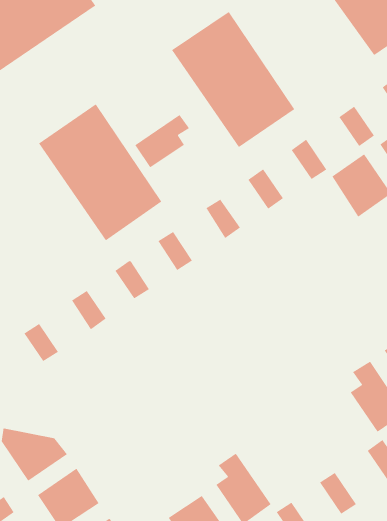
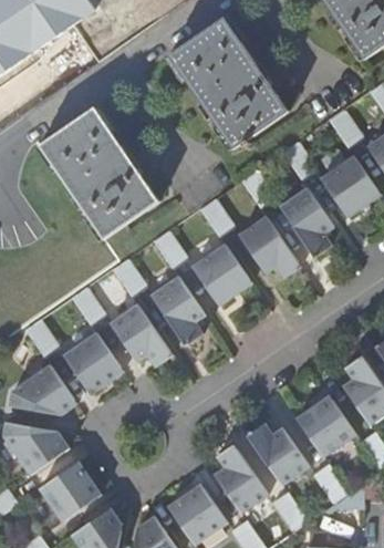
building: [134,114,190,168] -> none
building: none -> [282,187,336,257]
building: none -> [240,215,303,278]
building: none -> [193,244,252,306]
building: none -> [152,276,206,345]
building: none -> [110,304,173,366]
building: none -> [63,332,122,394]
building: none -> [8,364,75,415]
building: none -> [295,397,355,458]
building: none -> [245,424,308,487]

